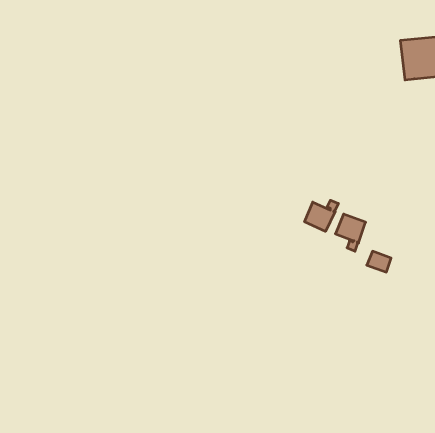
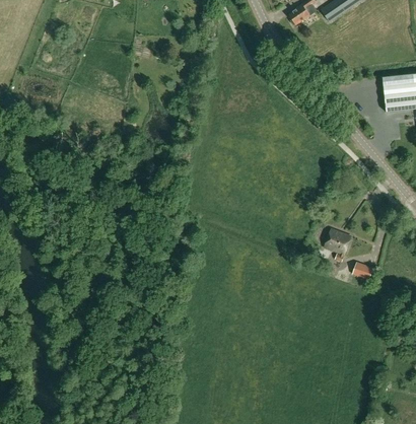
building: [305,200,338,231] -> none

